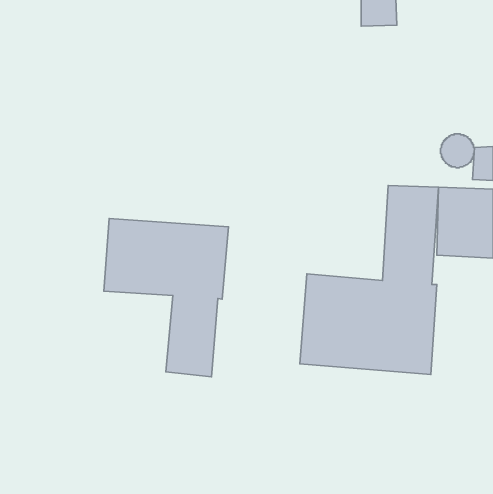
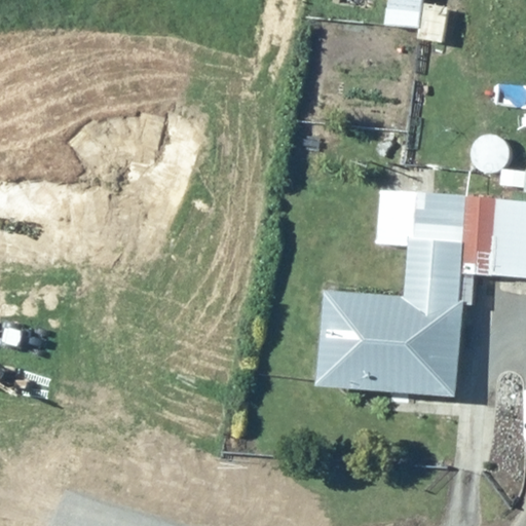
building: [104,218,228,377] -> none

